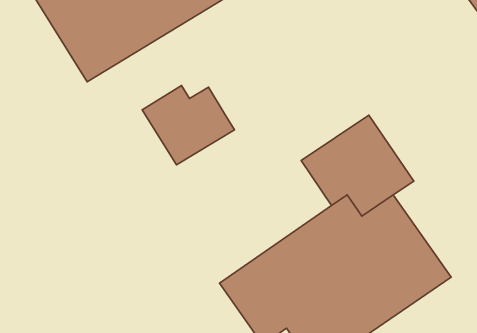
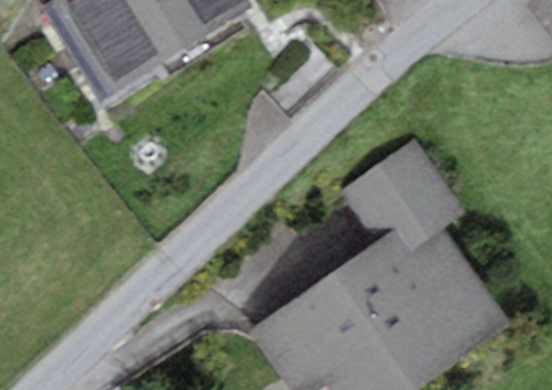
building: [142,86,235,165] -> none

